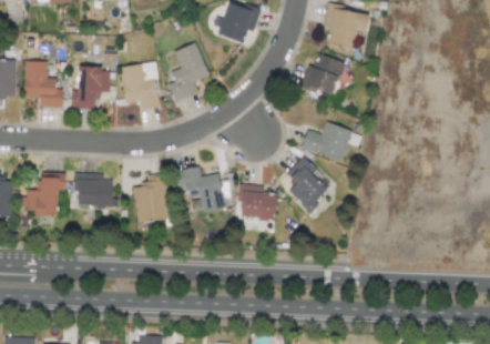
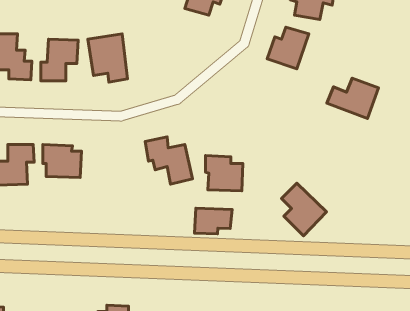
building: [169,43,208,101] -> none
building: [300,121,353,162] -> [327,78,379,119]
building: [286,158,331,211] -> [281,183,327,236]
building: [133,174,170,222] -> none
building: none -> [195,208,232,234]

